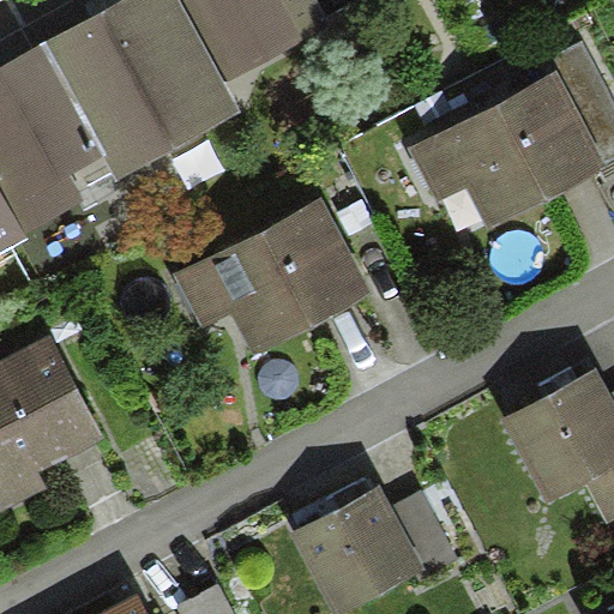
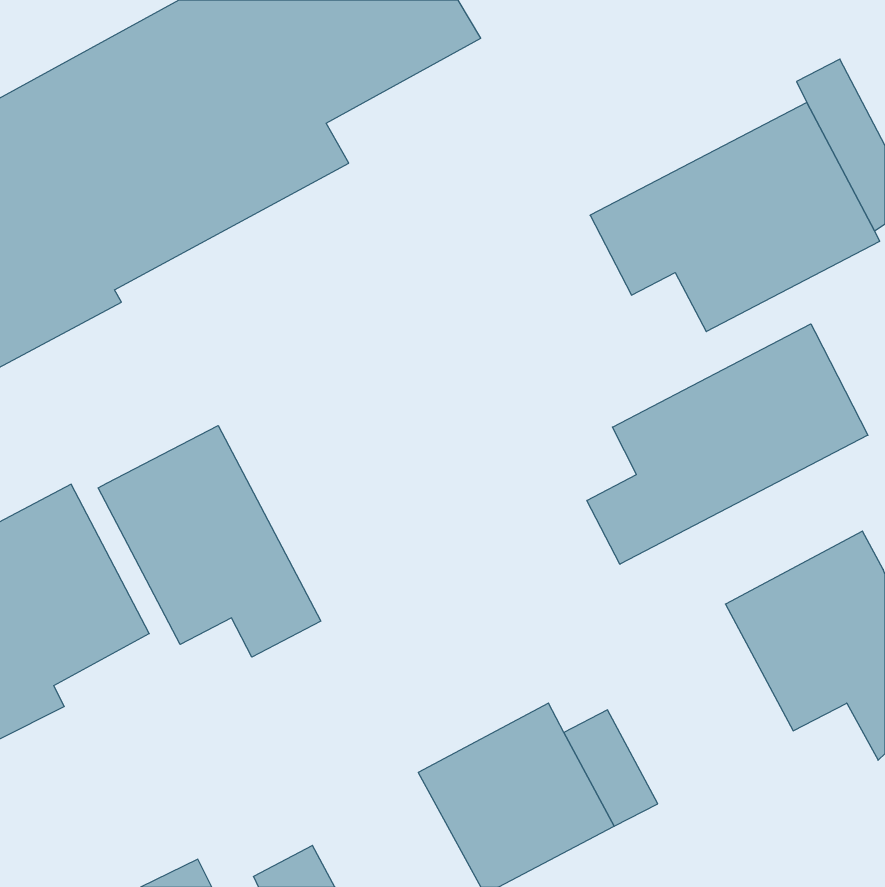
building: [171,197,373,356] -> none
building: none -> [587,324,868,564]
building: none -> [98,426,321,657]

